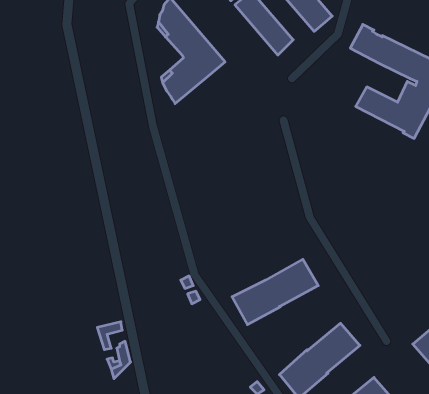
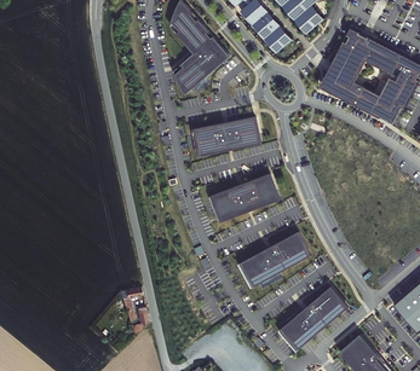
building: none -> [318,47,364,99]
building: none -> [189,117,258,156]
building: none -> [207,174,277,222]

